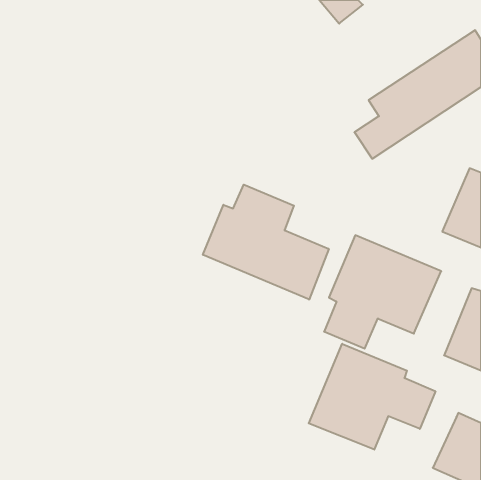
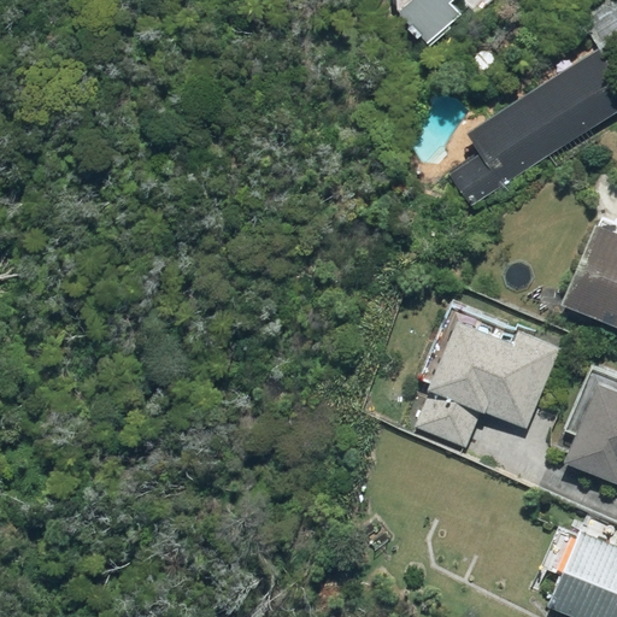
building: [203,185,329,300] -> none
building: [309,344,435,450] -> none

